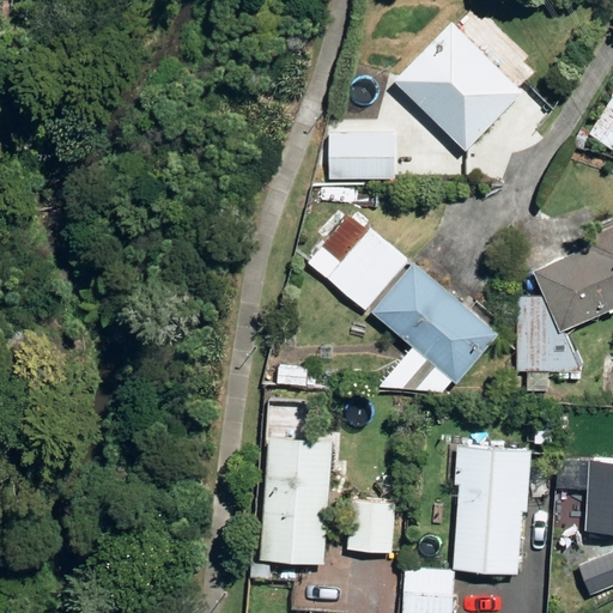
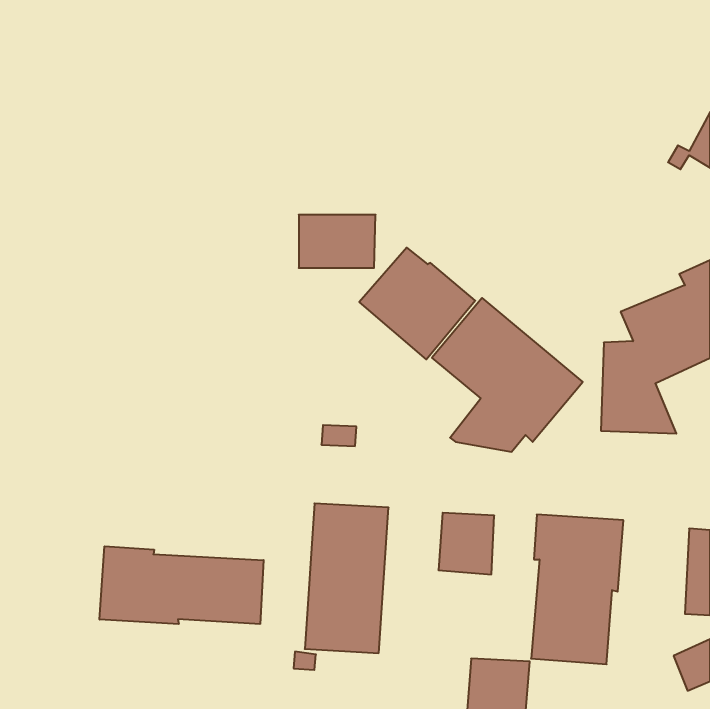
building: [394,19,523,150] -> none
building: [328,135,394,181] -> [299,215,376,268]
building: none -> [100,546,264,624]
building: [346,502,394,554] -> [438,513,494,574]

